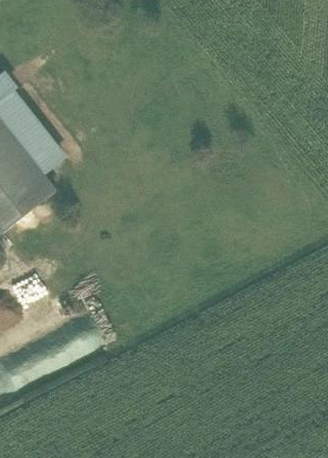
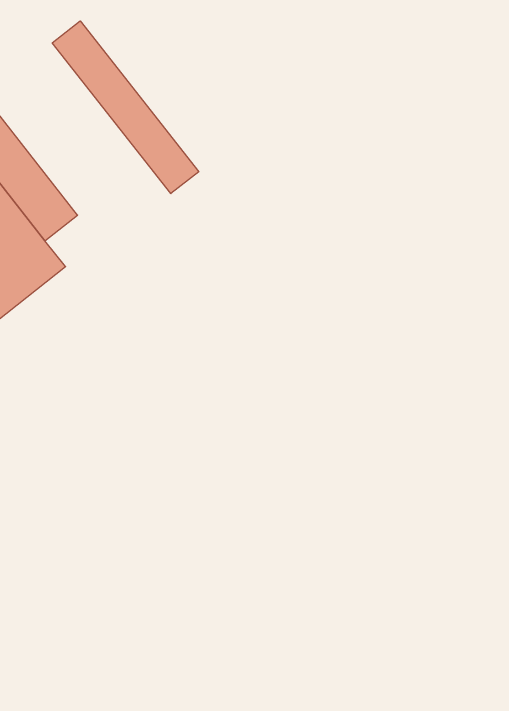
building: none -> [52,21,199,194]

